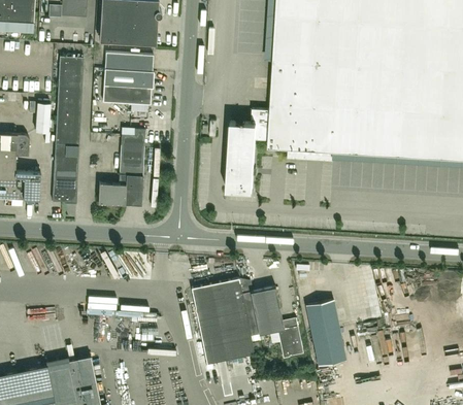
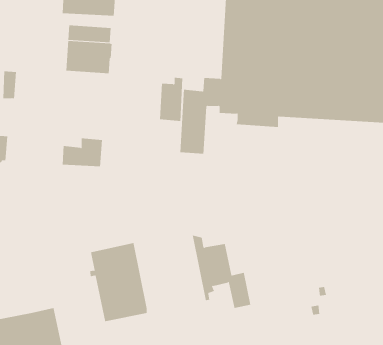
building: [54,57,84,202] -> none
building: [120,129,145,176] -> [159,77,183,121]
building: [191,278,254,364] -> [89,242,148,322]
building: [305,299,345,365] -> none

